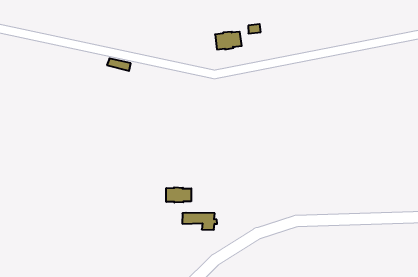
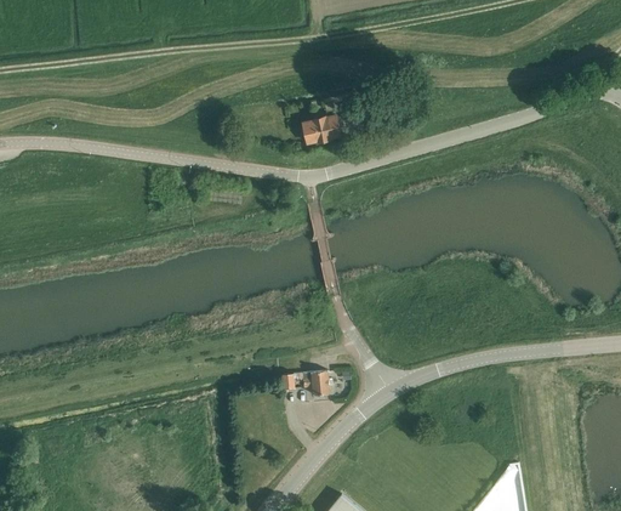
building: [166,187,191,203] -> none

